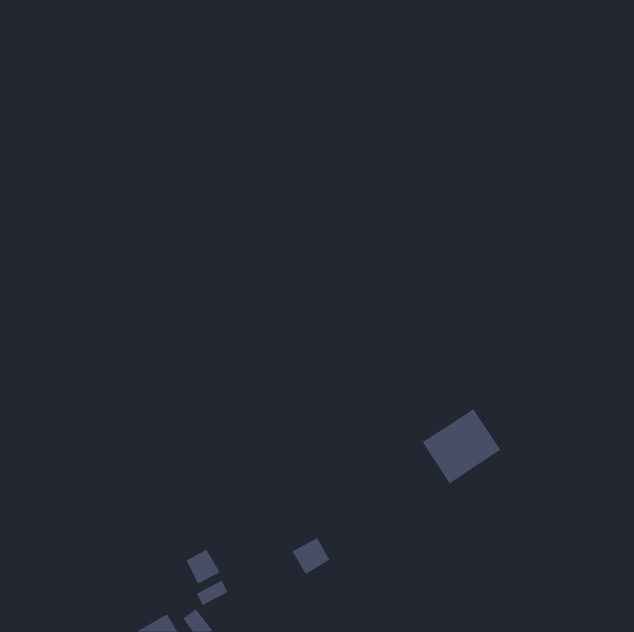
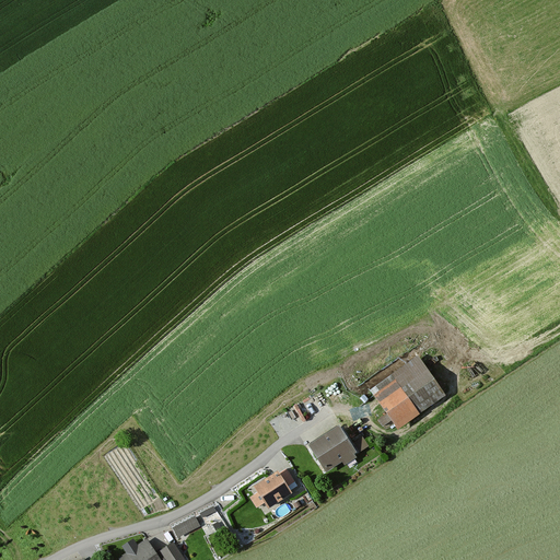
building: none -> [312,429,357,472]
building: [186,549,220,584] -> none

